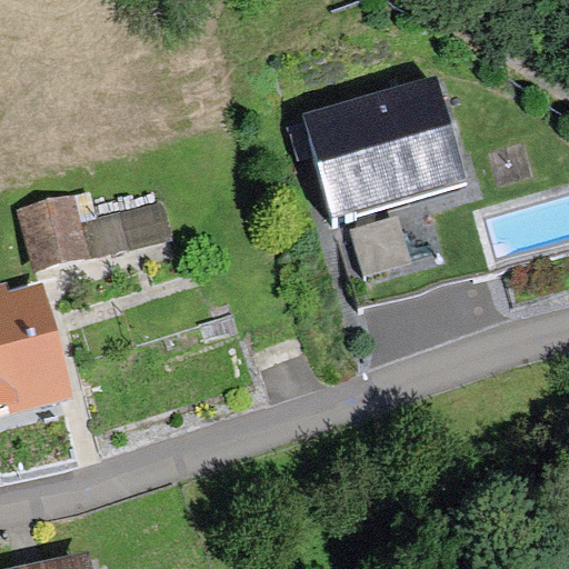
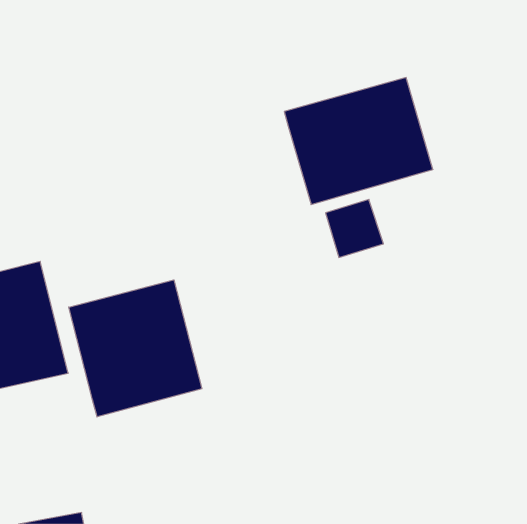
building: [19,191,169,272] -> none
building: none -> [69,280,202,417]

